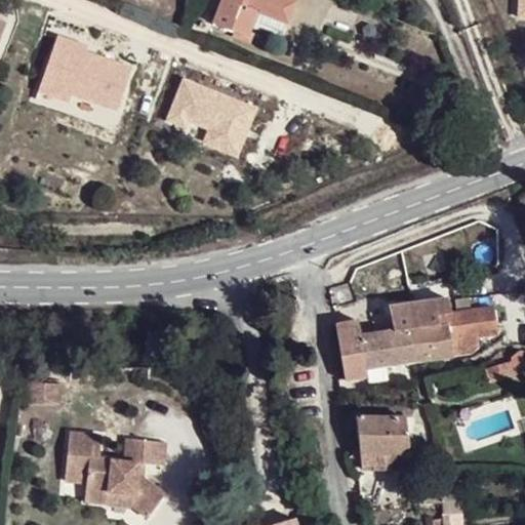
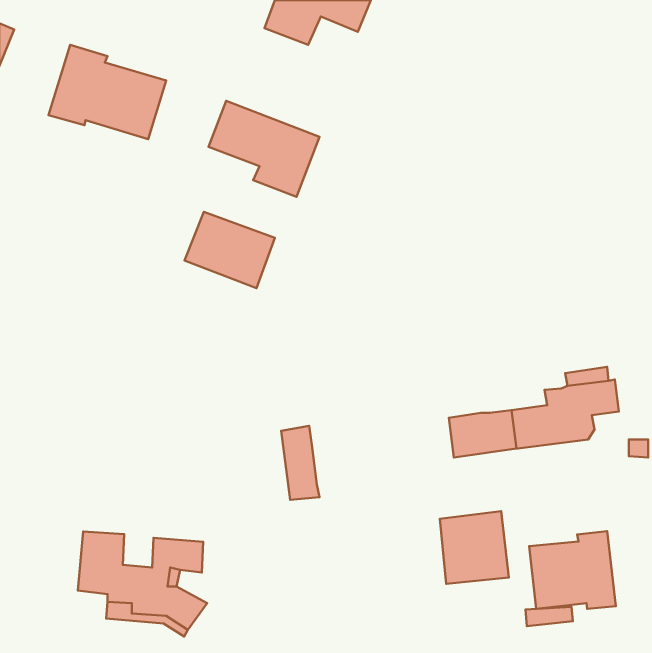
building: none -> [184,212,275,288]
building: [391,298,450,331] -> none
building: [335,320,366,379] -> [281,426,319,500]
building: none -> [529,531,616,609]

